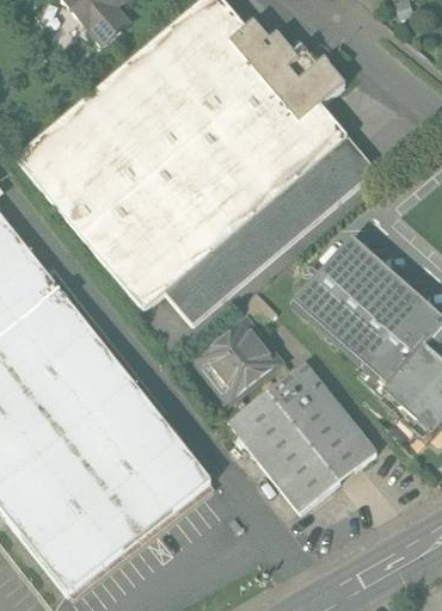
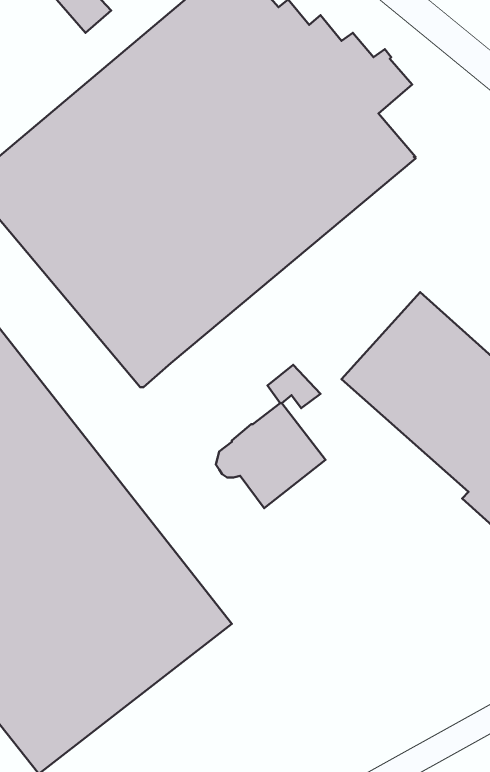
building: [166,137,372,319] -> none
building: [229,360,376,511] -> none

